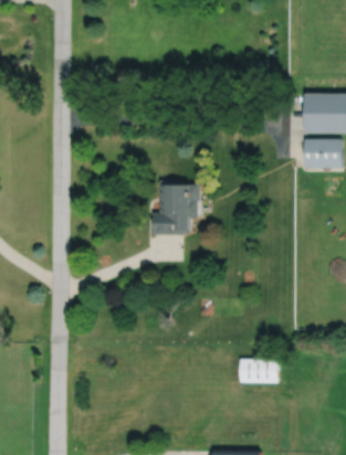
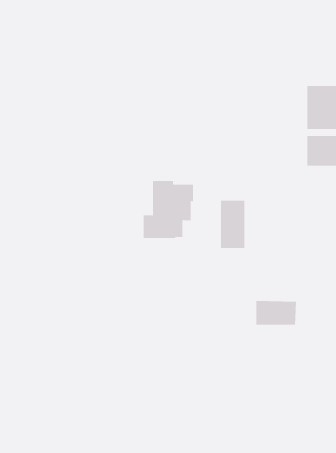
building: none -> [220,200,245,249]
building: [239,360,277,383] -> [255,300,297,325]

